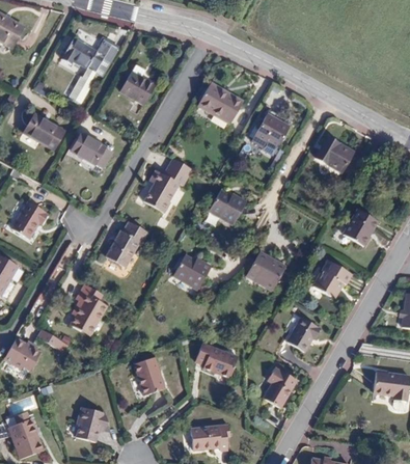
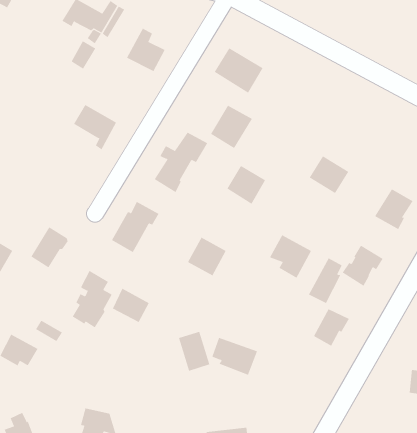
building: [23,113,64,149] -> none
building: [250,113,289,153] -> [210,105,253,149]
building: [316,136,352,170] -> [309,156,349,194]
building: [10,200,45,238] -> [31,227,69,268]
building: none -> [308,257,343,304]
building: none -> [112,288,150,323]
building: [134,357,163,393] -> [178,331,210,371]
building: [263,366,295,406] -> none

